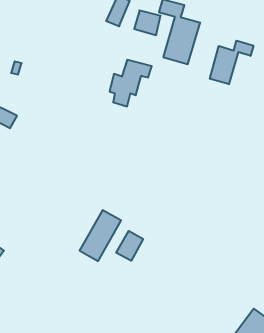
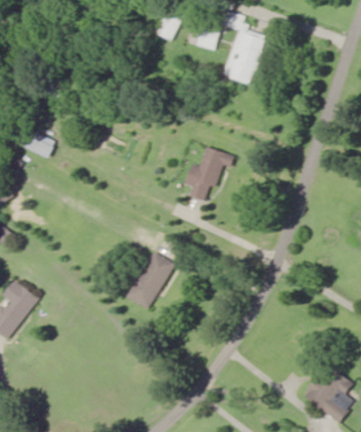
building: [210,41,253,84] -> none
building: [110,60,152,106] -> [185,147,233,200]
building: [116,231,143,261] -> none

